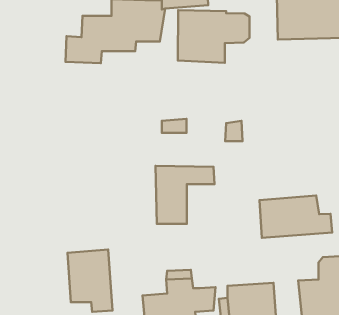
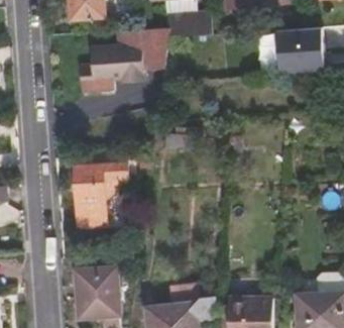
building: [178,10,250,63] -> none
building: [156,166,215,224] -> [76,162,131,217]
building: [260,196,332,238] -> none

